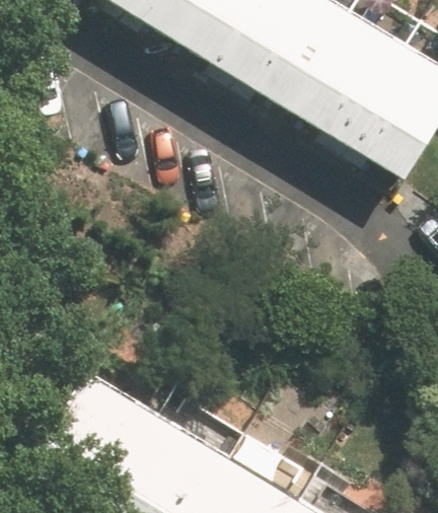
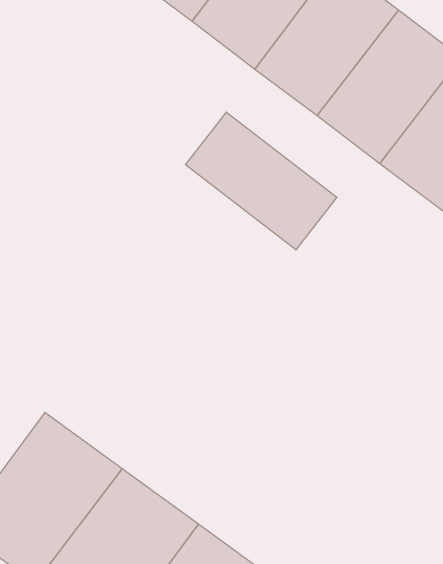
building: none -> [186,112,337,250]

